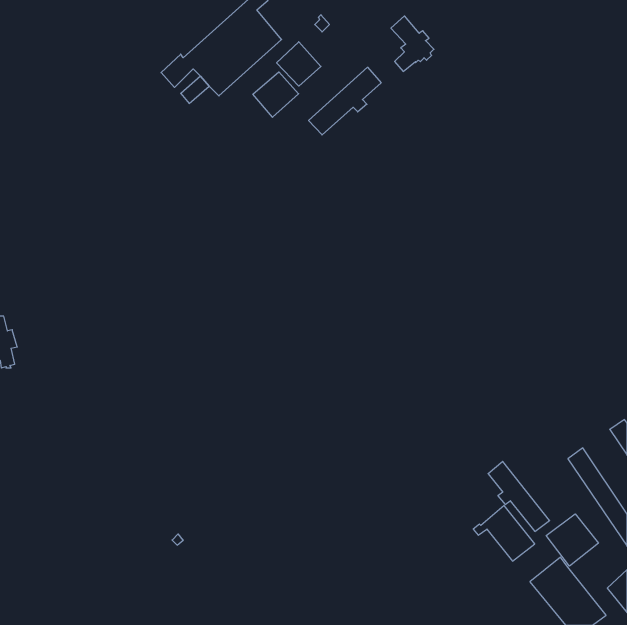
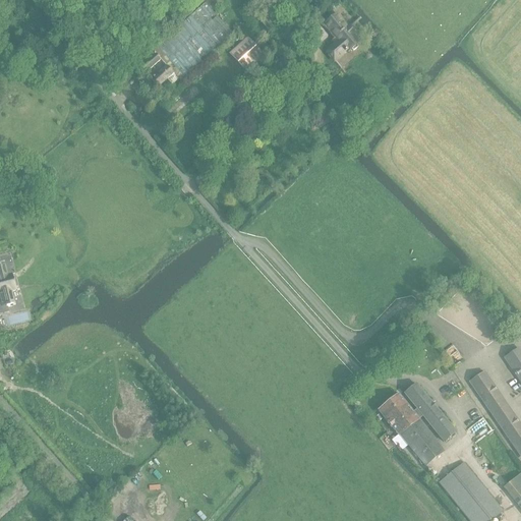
building: [309,67,381,135] -> none
building: [253,72,299,117] -> none
building: none -> [378,393,418,435]
building: [546,514,598,566] -> none

